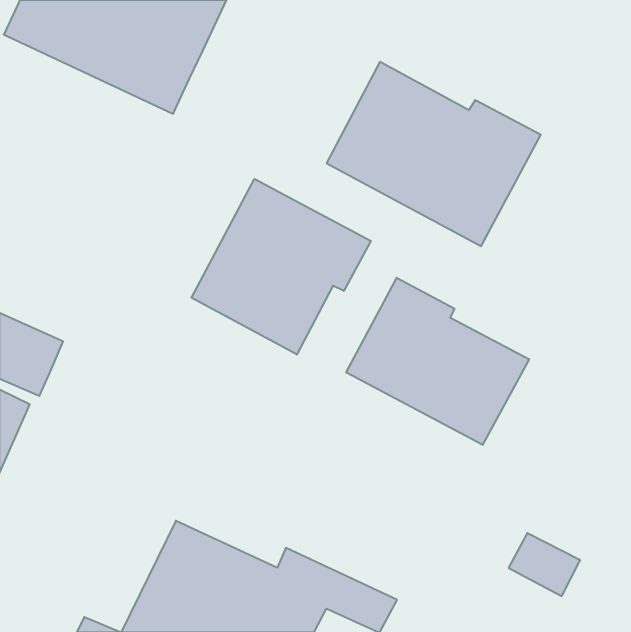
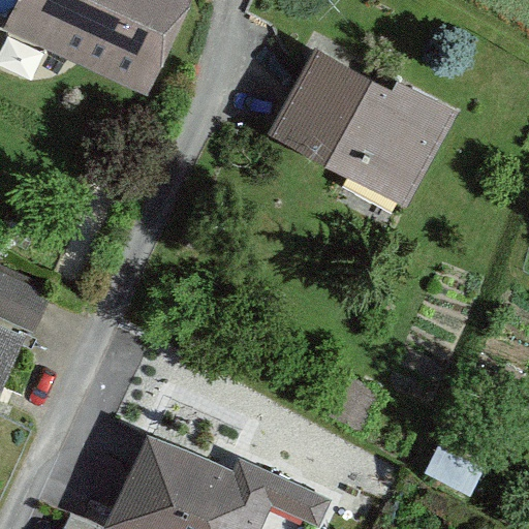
building: [192,179,371,355] -> none
building: [346,278,529,445] -> none

